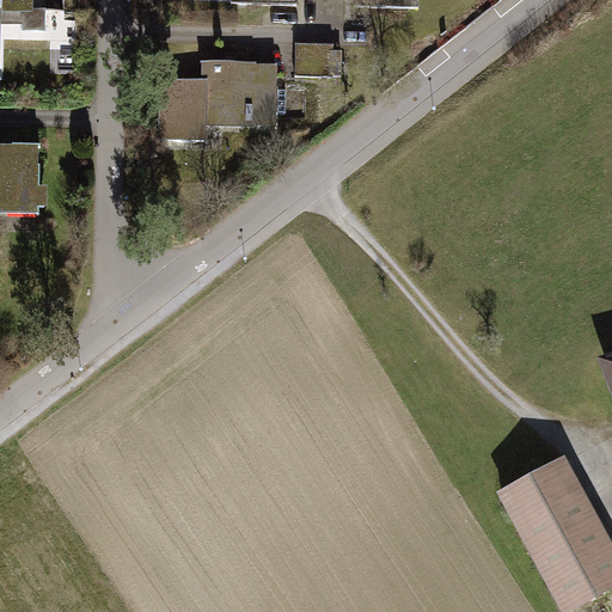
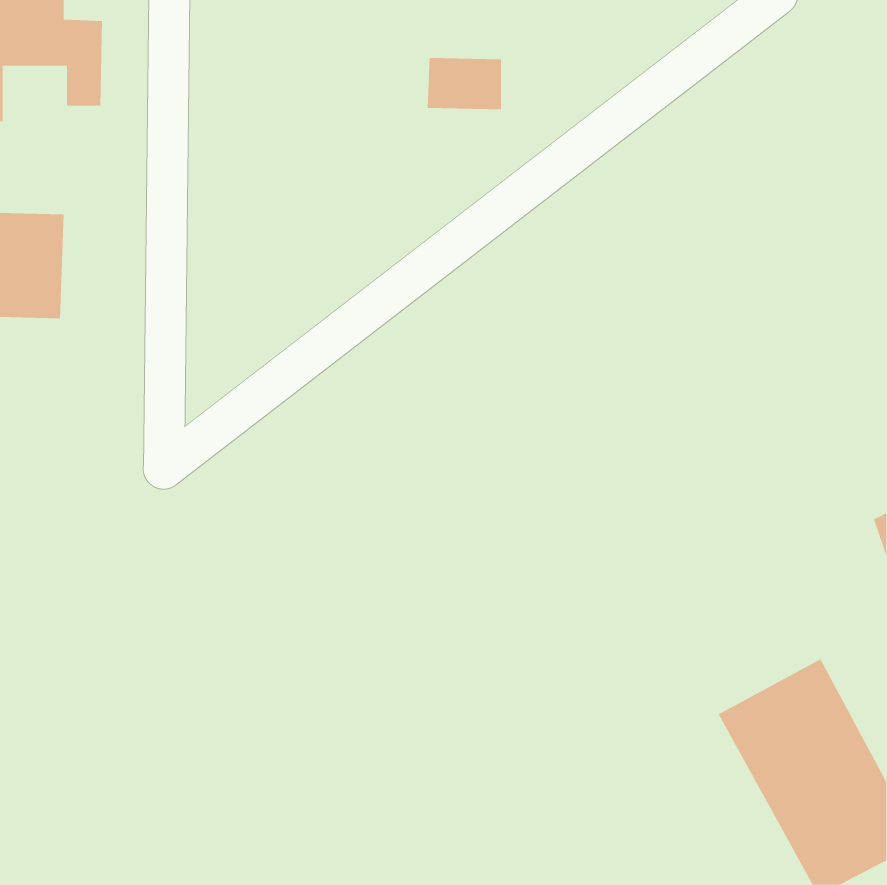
building: [158,59,281,137] -> none

